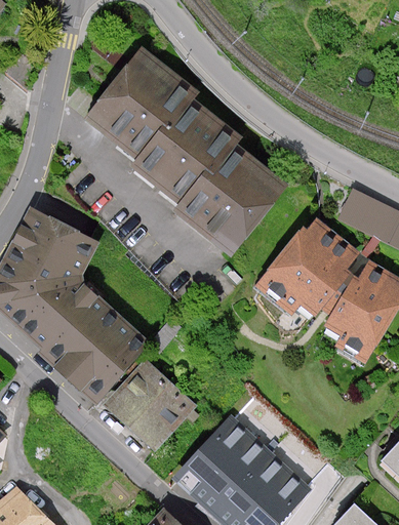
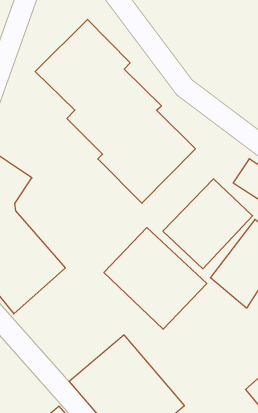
building: none -> [104,228,207,329]
building: [103,361,194,450] -> none

